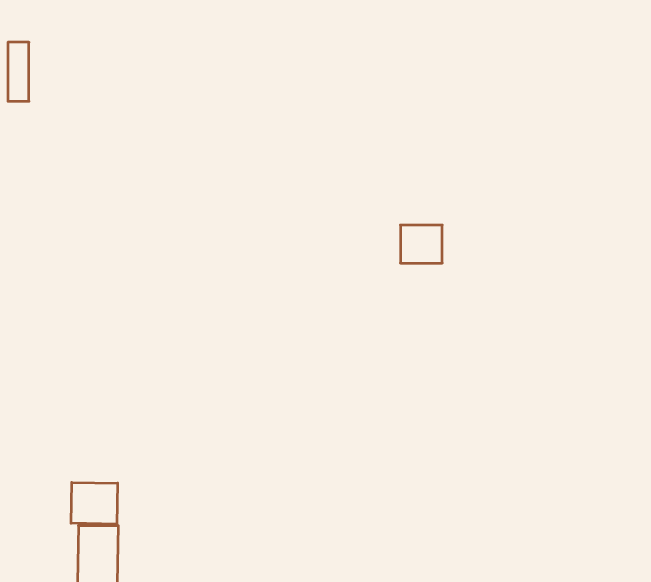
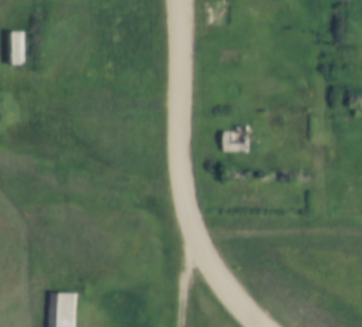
building: [71,482,118,524] -> none

